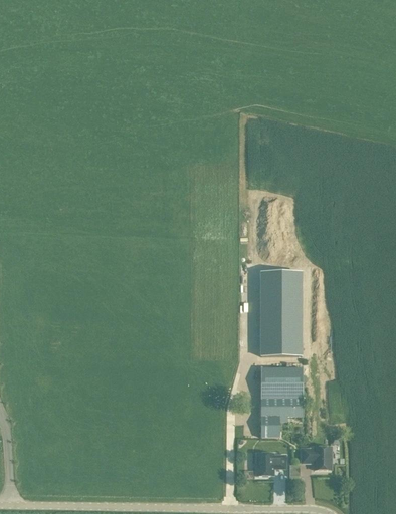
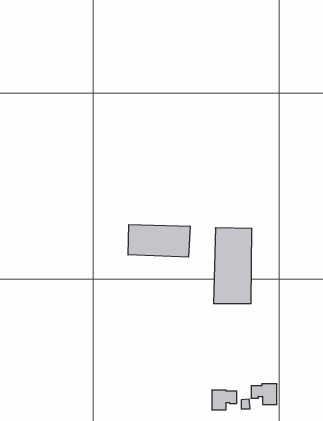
building: none -> [128,225,190,257]
building: [261,367,303,437] -> none

